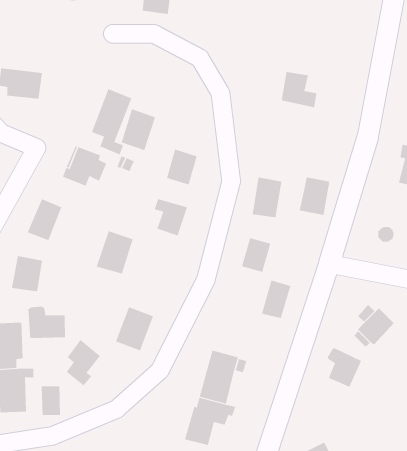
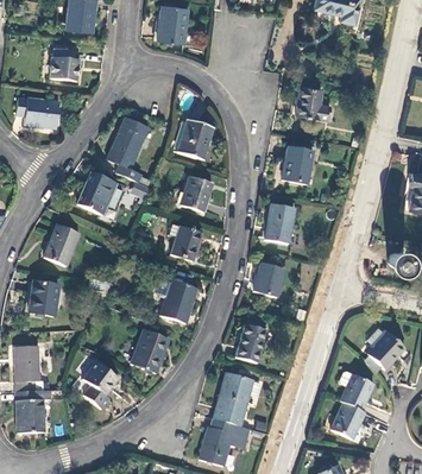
building: none -> [51,46,80,80]
building: [121,109,156,151] -> [178,118,213,159]
building: [299,177,330,215] -> [282,146,313,184]
building: [96,231,133,274] -> [159,280,196,323]
building: [261,280,291,319] -> [237,324,266,362]
building: [28,306,66,339] -> none
building: none -> [330,402,365,438]
building: [41,386,61,416] -> none

